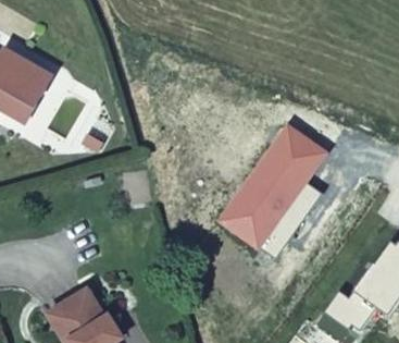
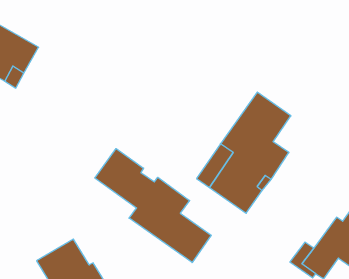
building: none -> [95,149,211,263]

